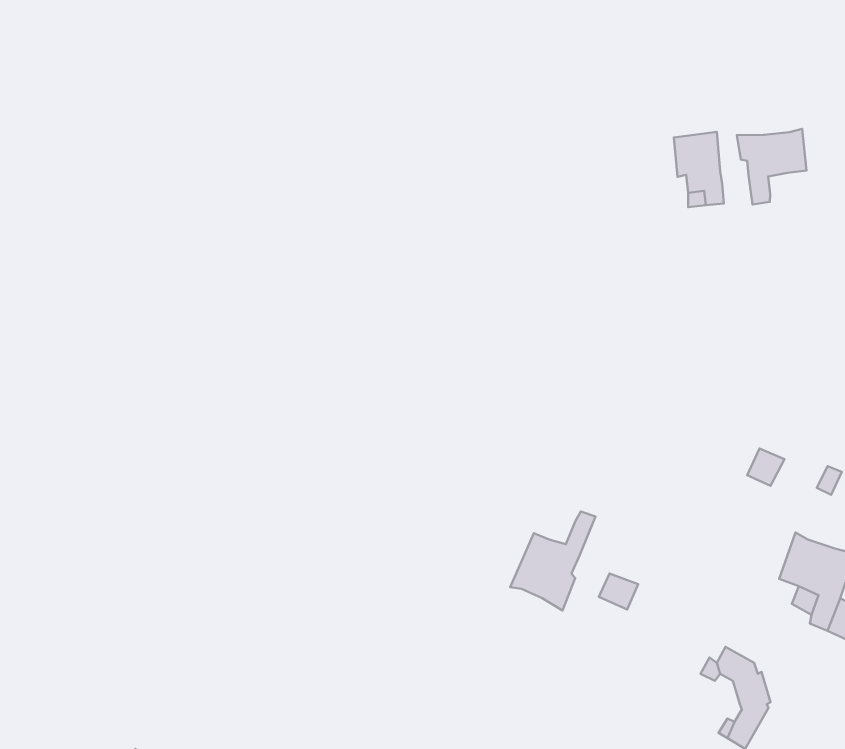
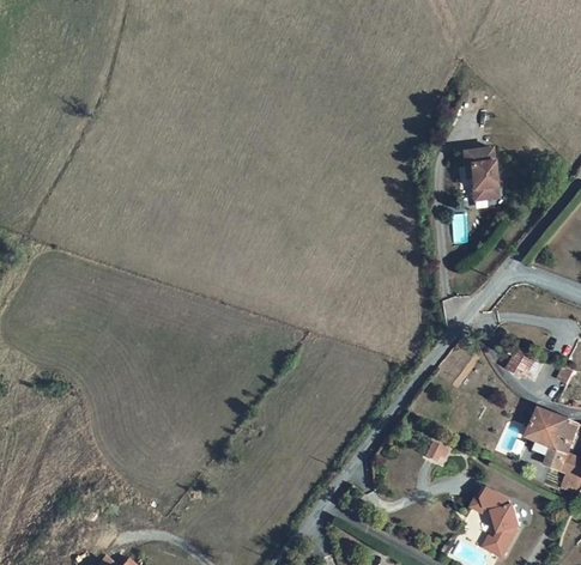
building: [737,129,806,204] -> none
building: [510,511,595,610] -> none

